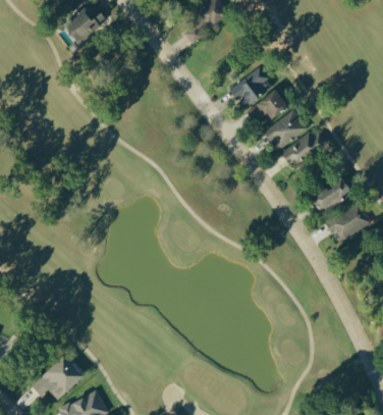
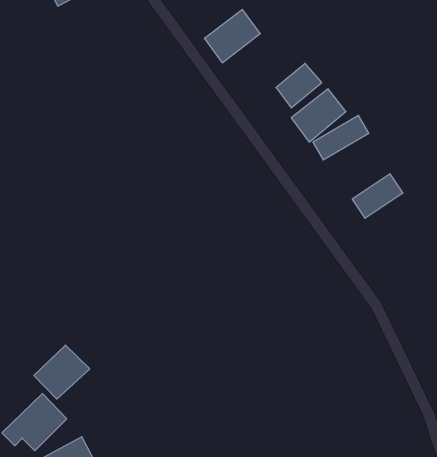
building: [228,67,273,110] -> [204,9,260,63]
building: [326,204,371,244] -> none
building: none -> [34,345,90,399]

